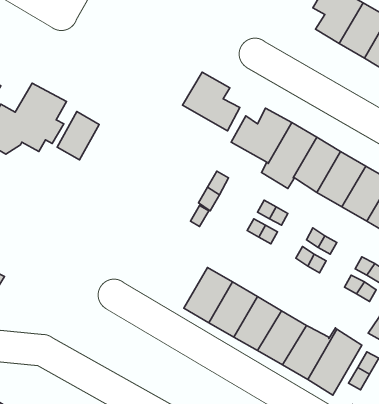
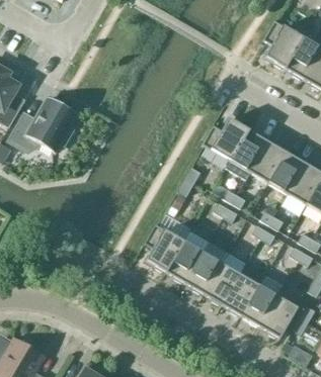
building: [182,72,240,131] -> none
building: [57,112,99,160] -> none
building: none -> [144,222,183,271]

